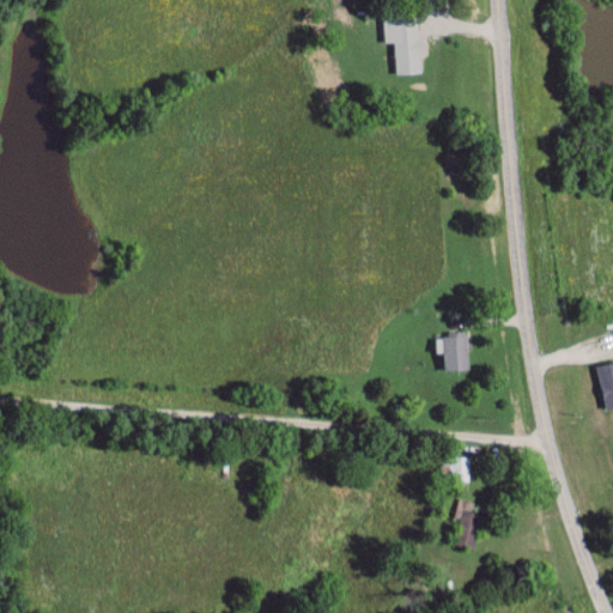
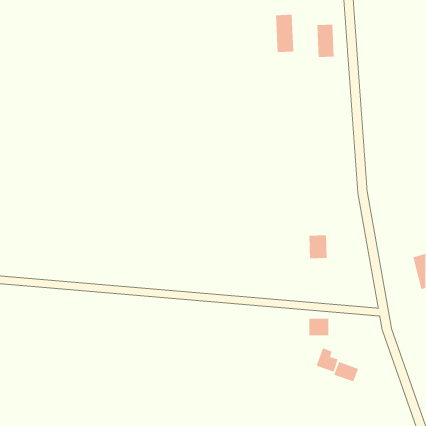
building: none -> [317,24,334,58]
building: none -> [334,361,359,382]

